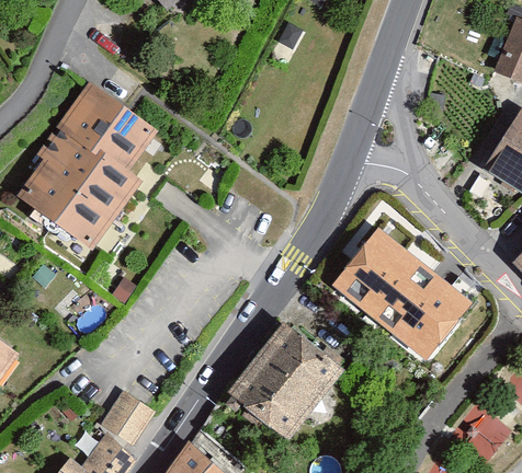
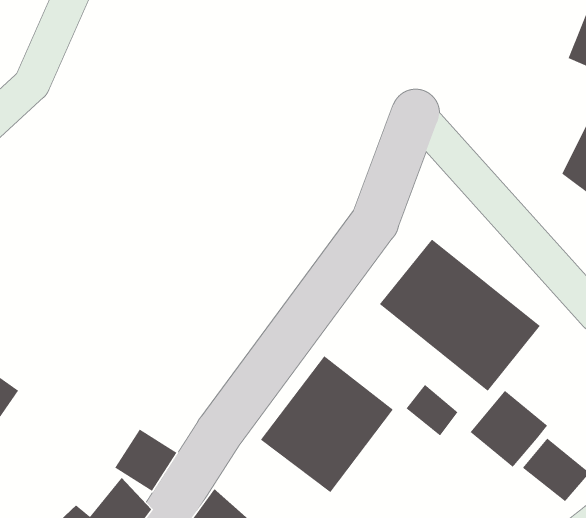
building: [20,83,161,255] -> none
building: none -> [405,384,459,436]
building: none -> [470,390,548,468]

